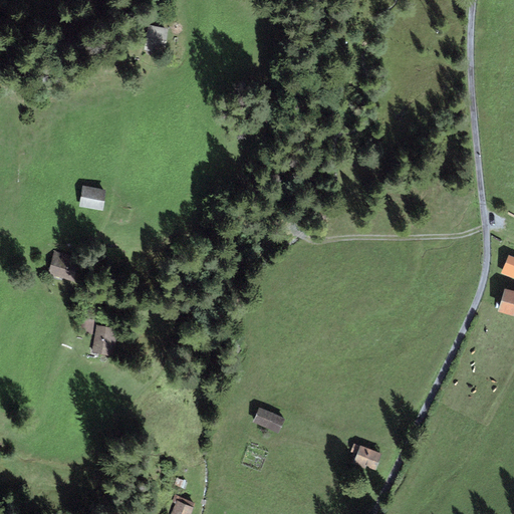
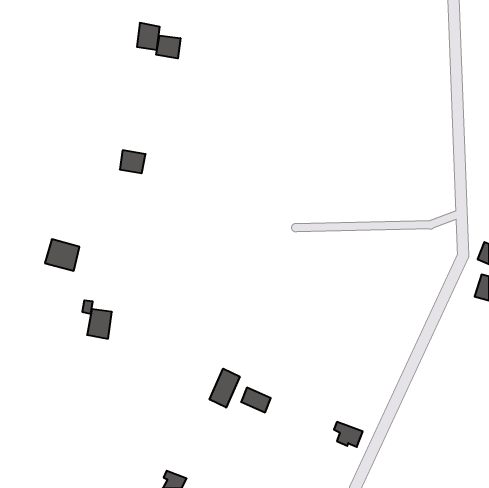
building: none -> [156,36,180,58]
building: [79,186,106,210] -> [120,150,146,173]
building: none -> [210,369,240,408]

